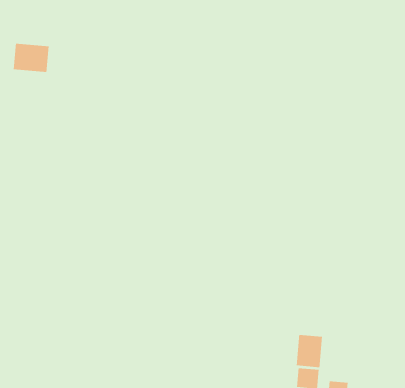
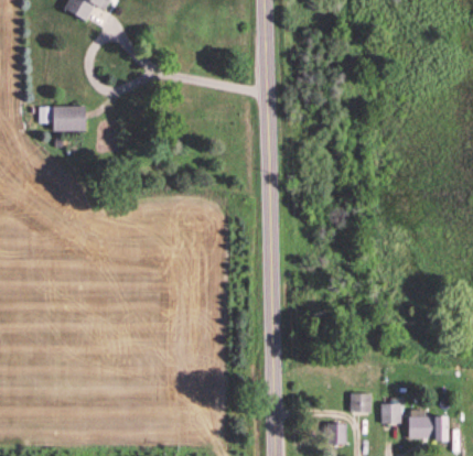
building: [296,334,323,368] -> none

